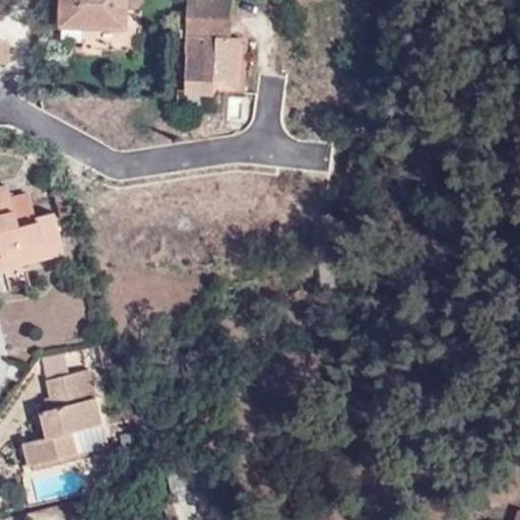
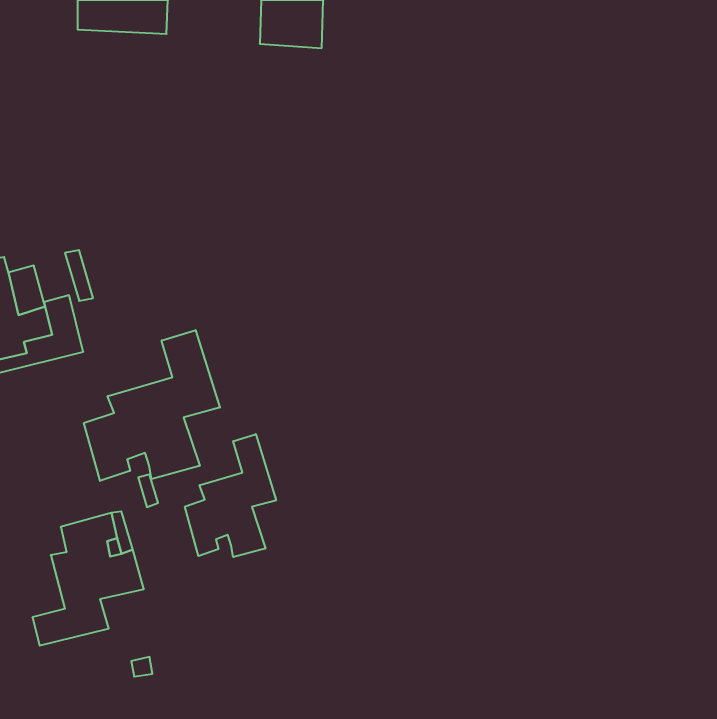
building: [186,34,238,91] -> none
building: none -> [84,330,220,481]
building: none -> [185,434,276,557]

